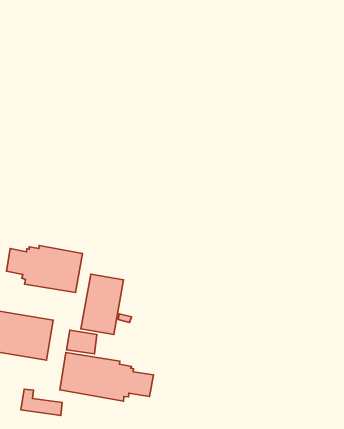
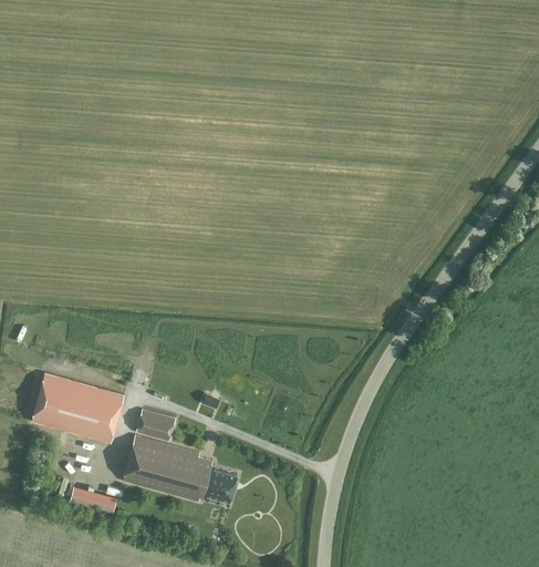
building: [6,245,82,293] -> none
building: [81,274,123,335] -> none

